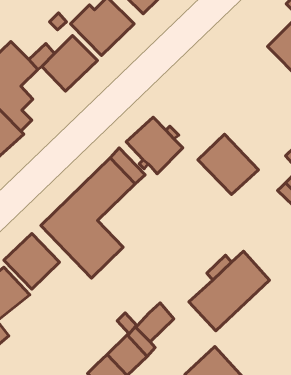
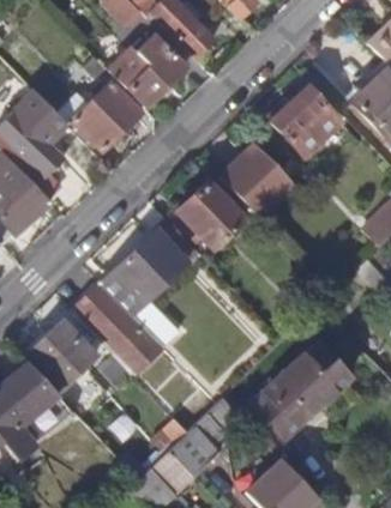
building: none -> [270,85,339,155]
building: [198,134,258,195] -> [219,146,293,219]

